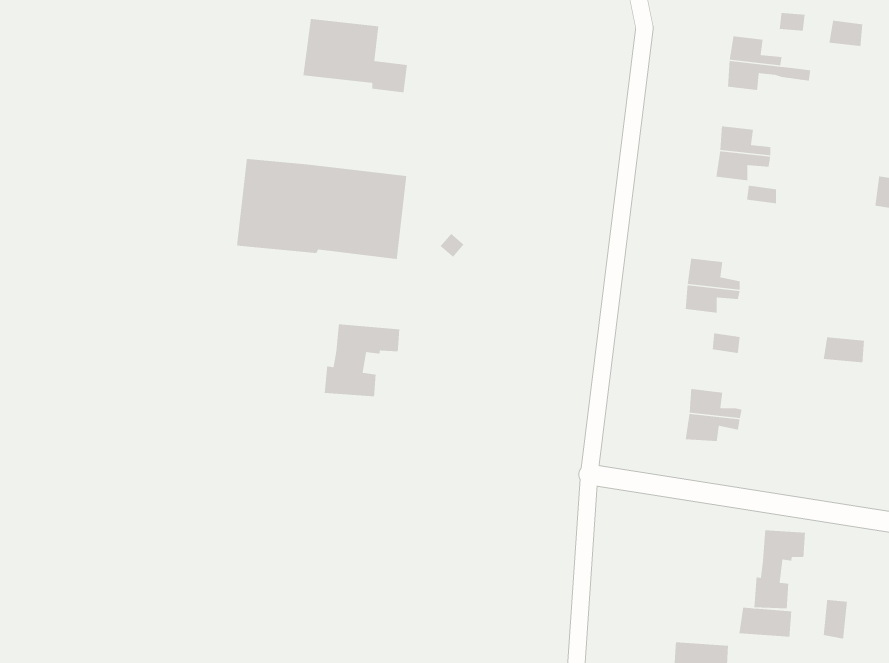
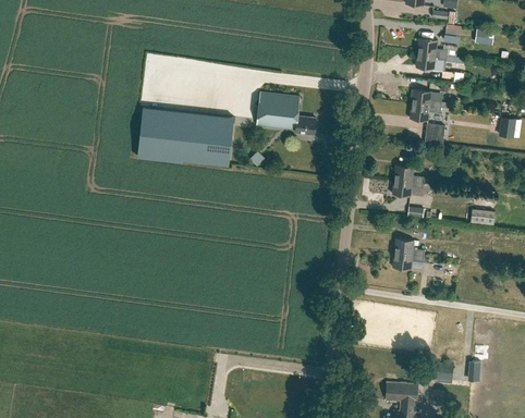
building: [302,18,408,93] -> [256,91,316,134]
building: [324,324,400,397] -> none
building: [754,530,806,609] -> none

